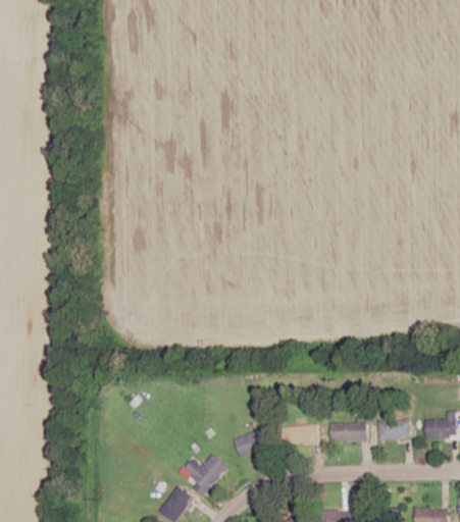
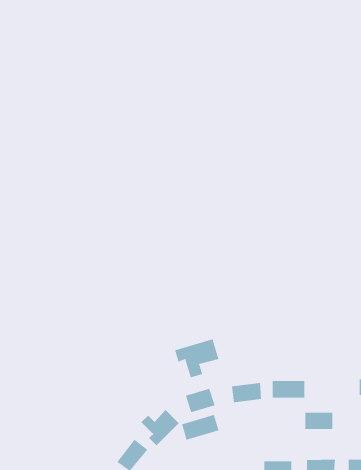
building: none -> [174,338,219,378]
building: [378,420,410,439] -> [305,412,333,430]
building: none -> [181,414,219,441]

